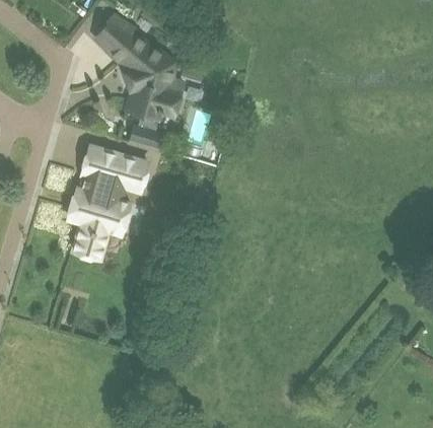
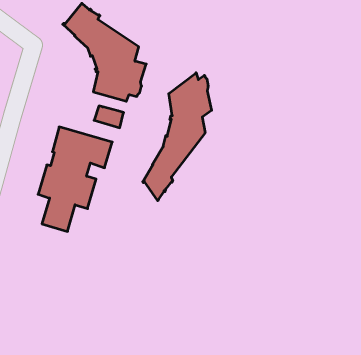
building: none -> [143,73,212,201]

